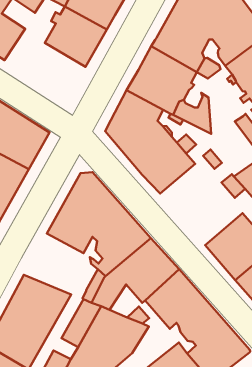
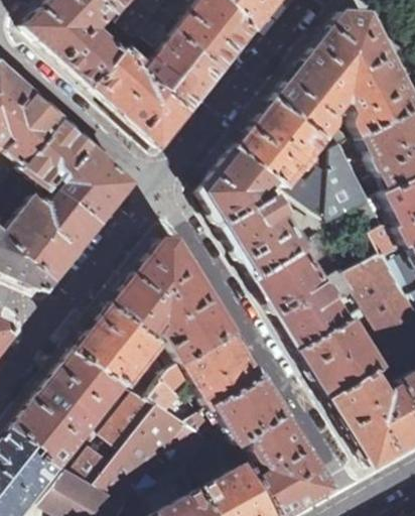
building: none -> [94,47,190,146]
building: none -> [329,158,372,221]
building: none -> [256,249,349,350]
building: none -> [75,304,158,384]

